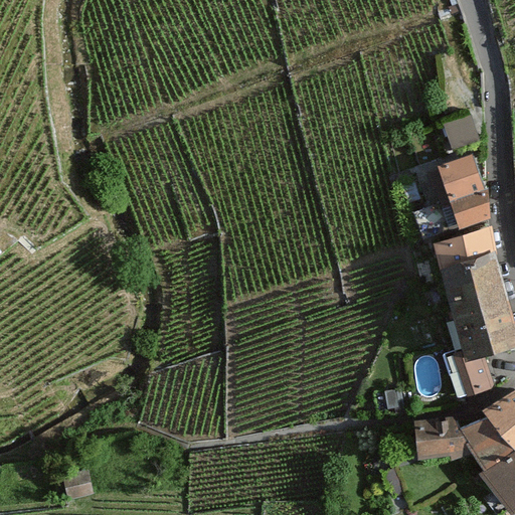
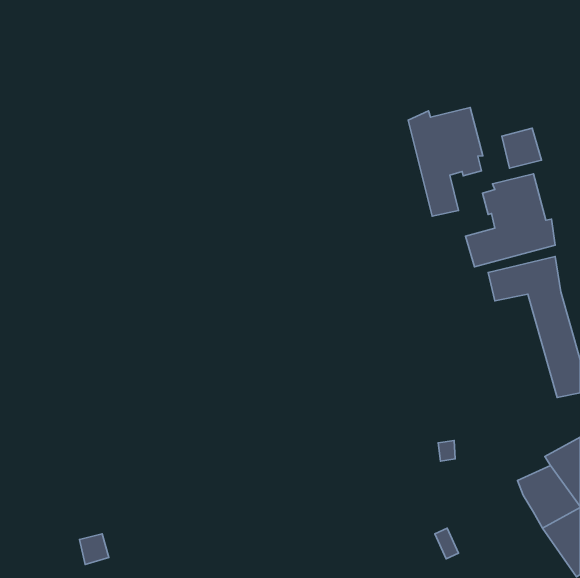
building: none -> [408,107,483,216]
building: [439,263,495,394] -> none
building: [414,418,473,461] -> none

